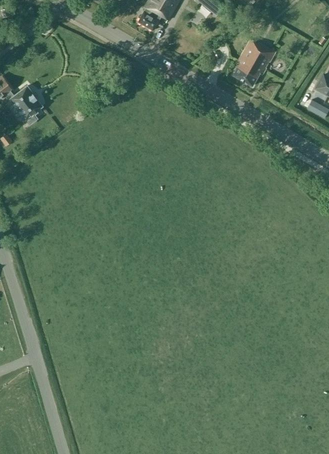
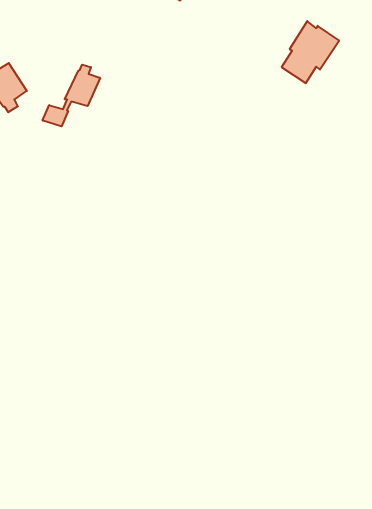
building: none -> [43,65,100,126]

